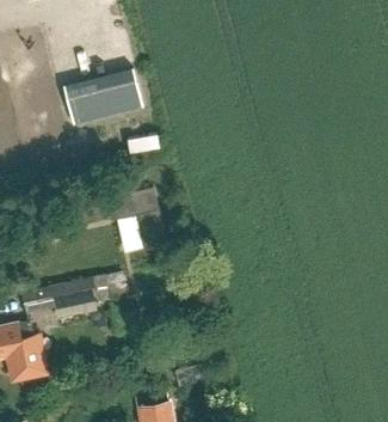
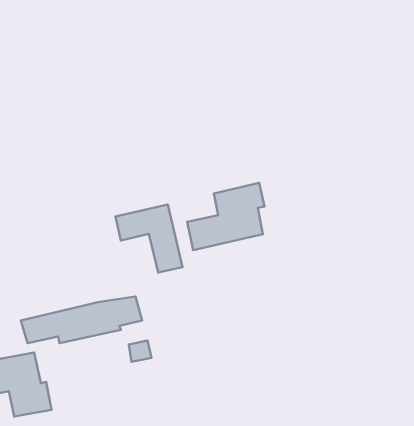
building: [62,68,141,124] -> none
building: none -> [187,183,265,250]

